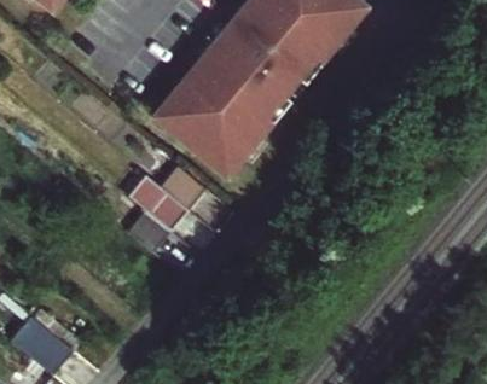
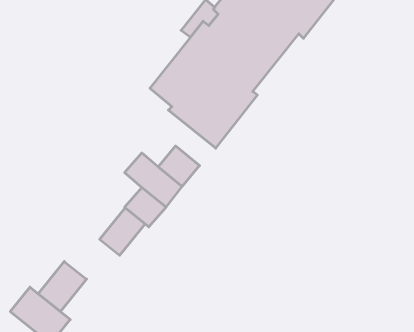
building: none -> [100,208,145,255]
building: none -> [38,261,87,312]

